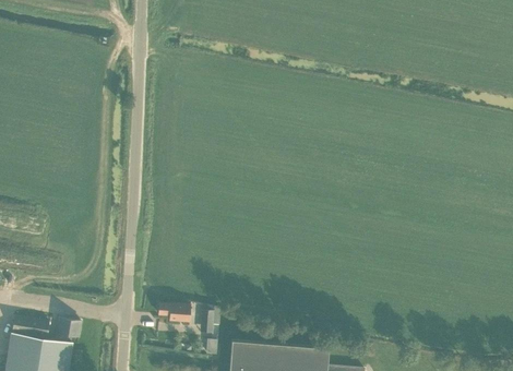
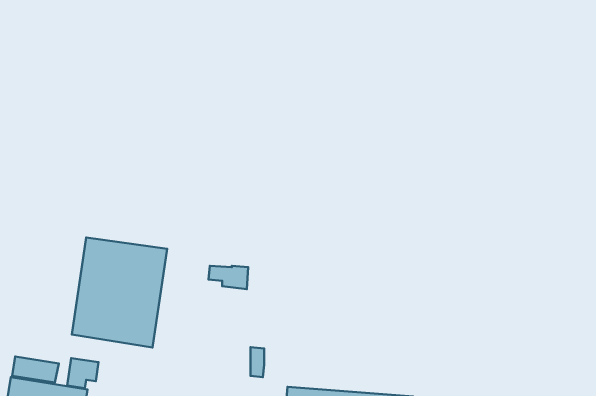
building: none -> [72,238,167,348]
building: [158,304,190,323] -> [208,266,248,289]

